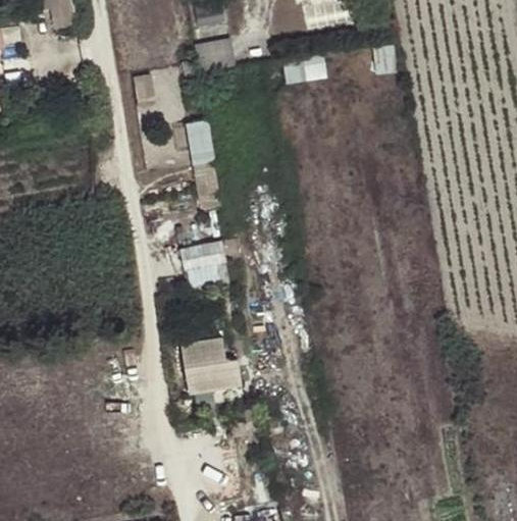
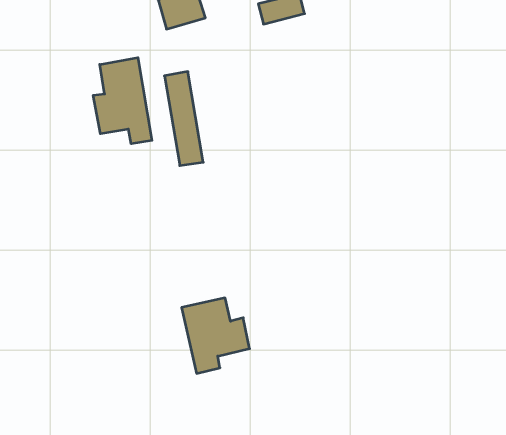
building: none -> [93,58,152,144]
building: [183,244,219,284] -> none

